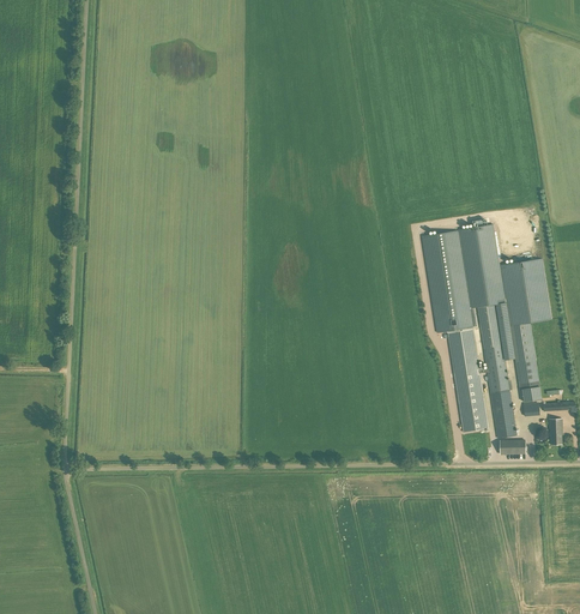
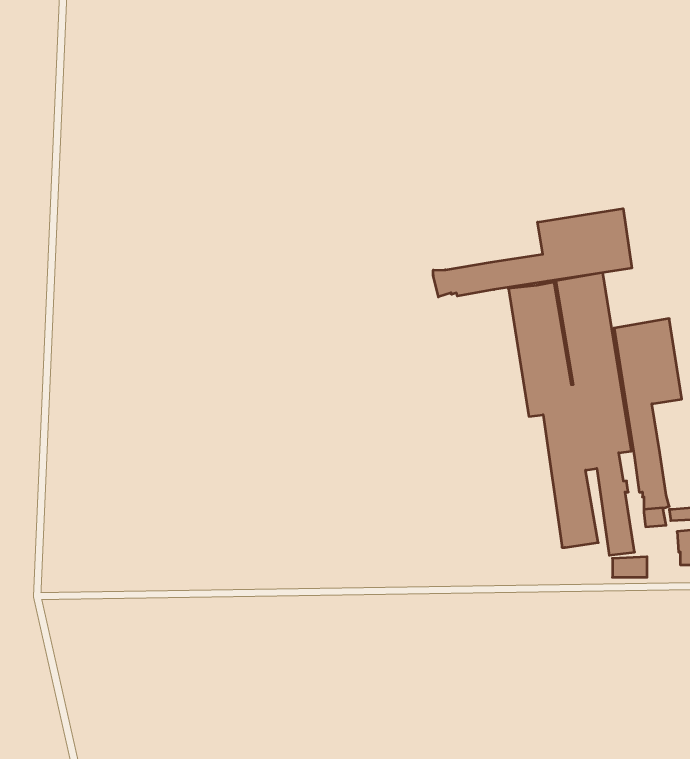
building: none -> [433,209,632,297]

